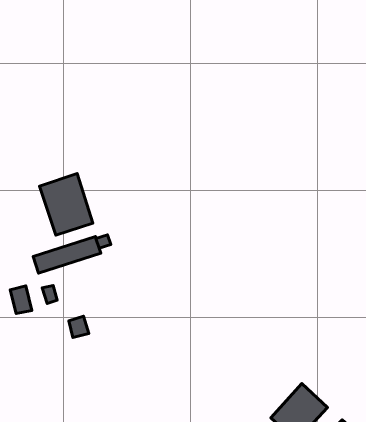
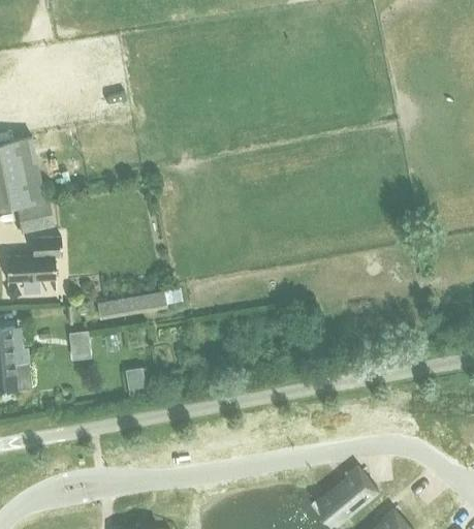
building: [40,173,93,235] -> none

